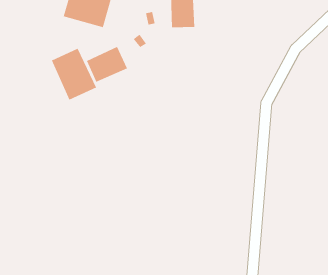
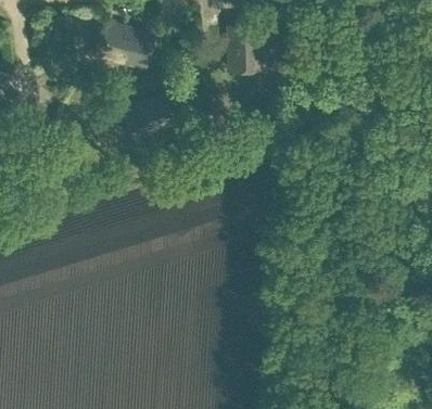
building: [51,48,97,101] -> none

